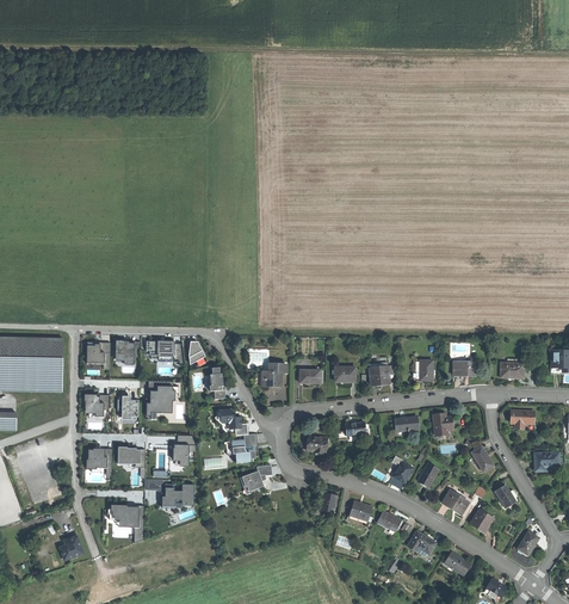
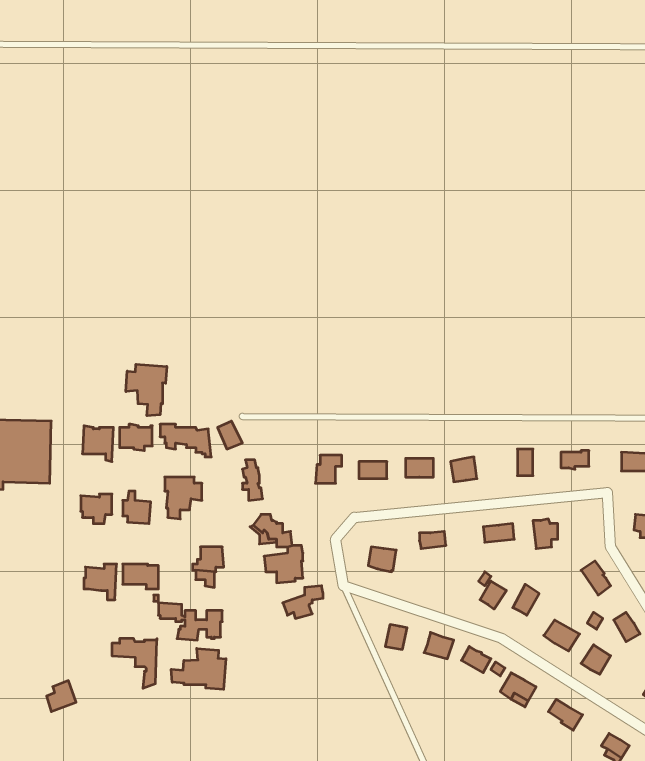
building: none -> [126,364,167,416]
building: none -> [171,648,226,689]

